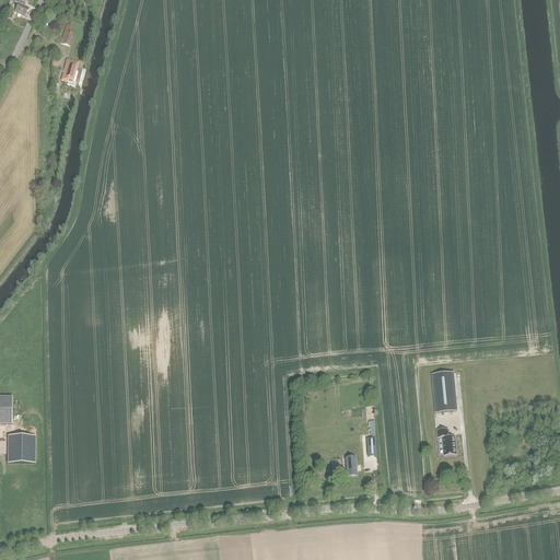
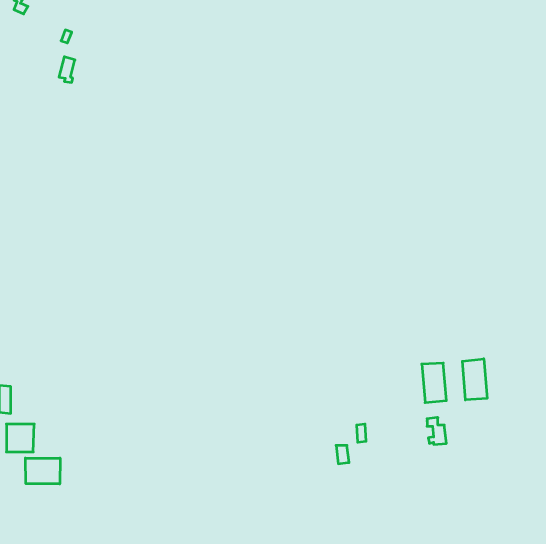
building: none -> [462,359,487,400]
building: none -> [25,458,60,484]

